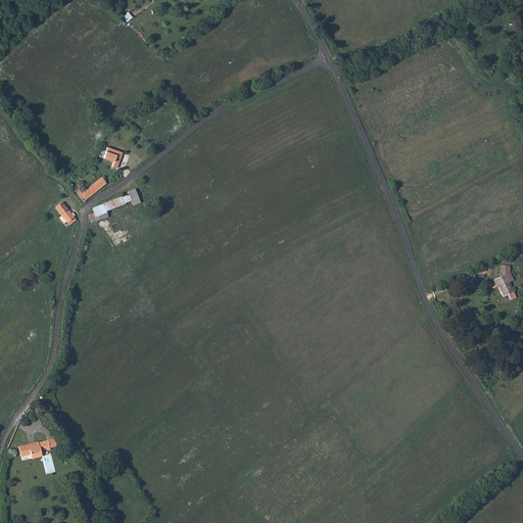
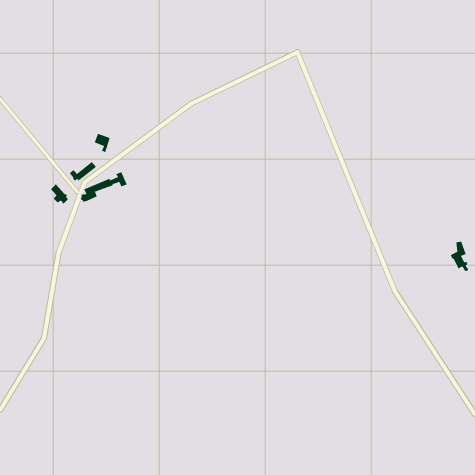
building: [18,437,56,458] -> none

